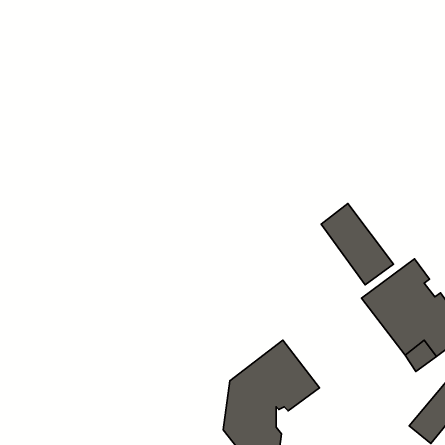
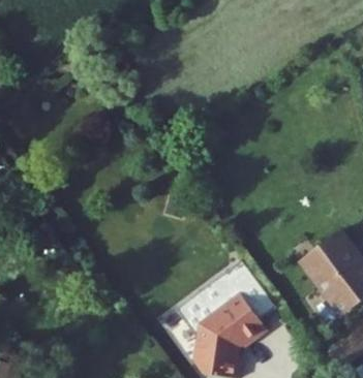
building: [321,203,394,285] -> none

